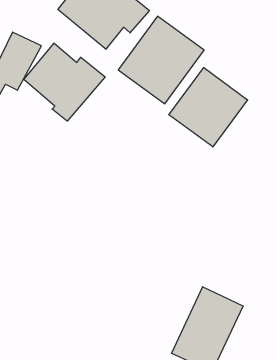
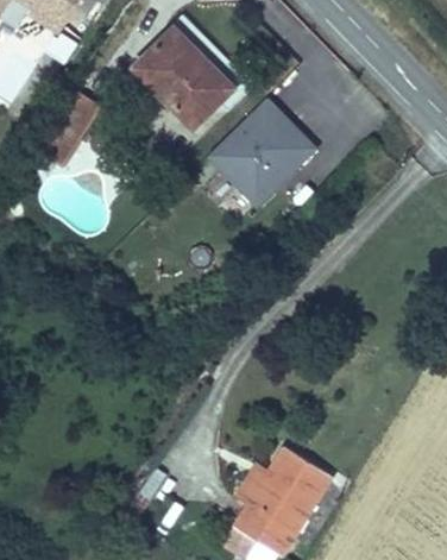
building: [24,43,105,121] -> none
building: [169,68,248,147] -> none

